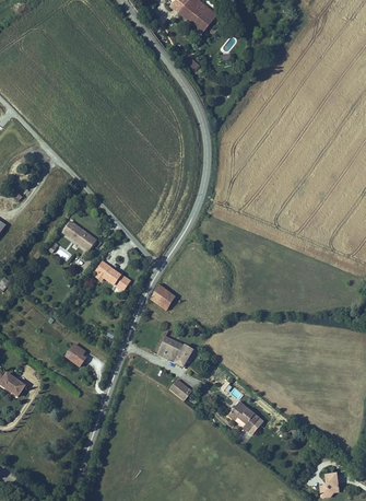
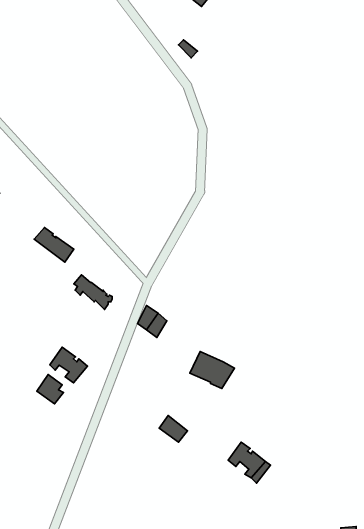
building: none -> [50,347,87,383]
building: [155,337,193,369] -> [190,352,235,389]

